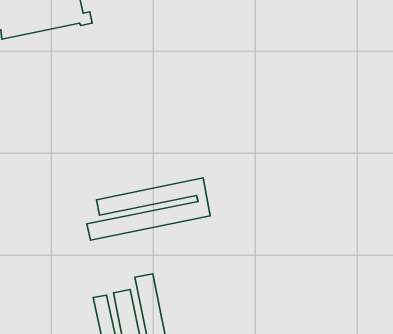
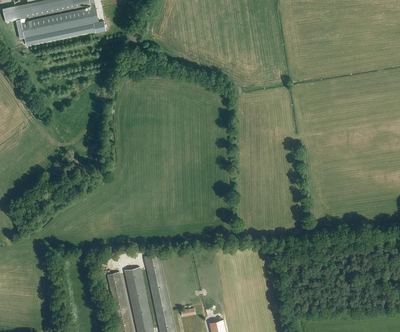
building: [87,178,210,240] -> none

